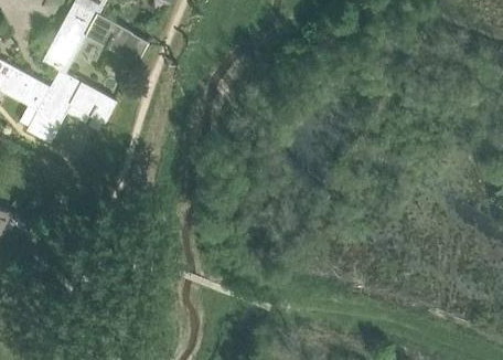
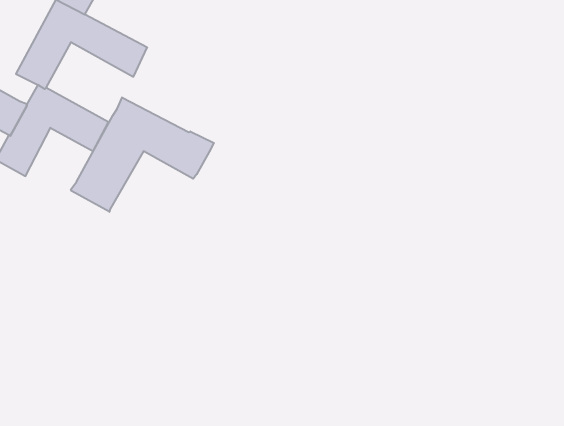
building: none -> [71,97,214,212]

